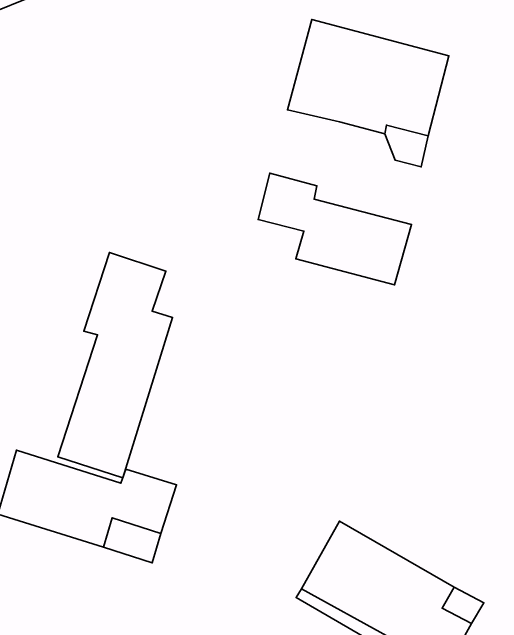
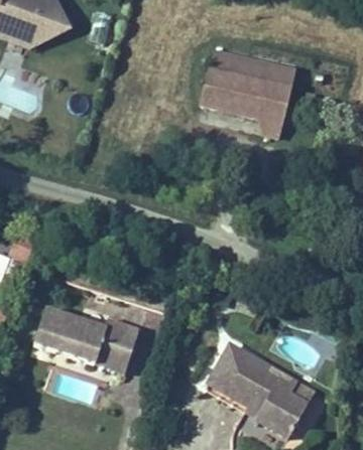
building: [258,173,411,285] -> none
building: [58,252,173,478] -> none

